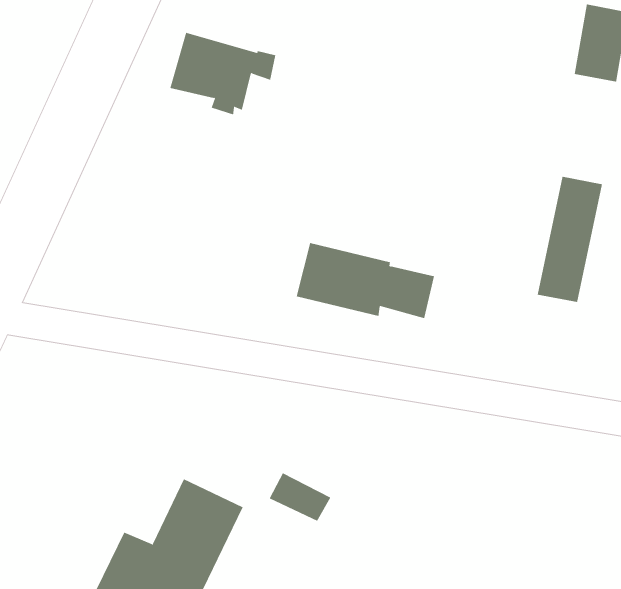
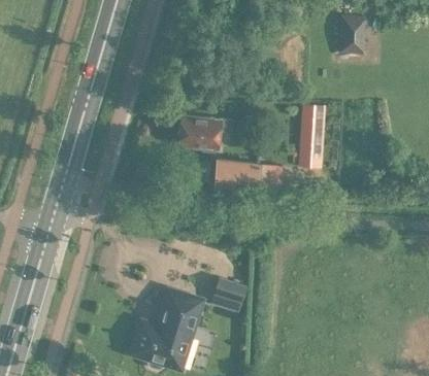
building: [170,32,276,115] -> [179,115,232,155]
building: [537,176,603,303] -> [299,106,325,170]

